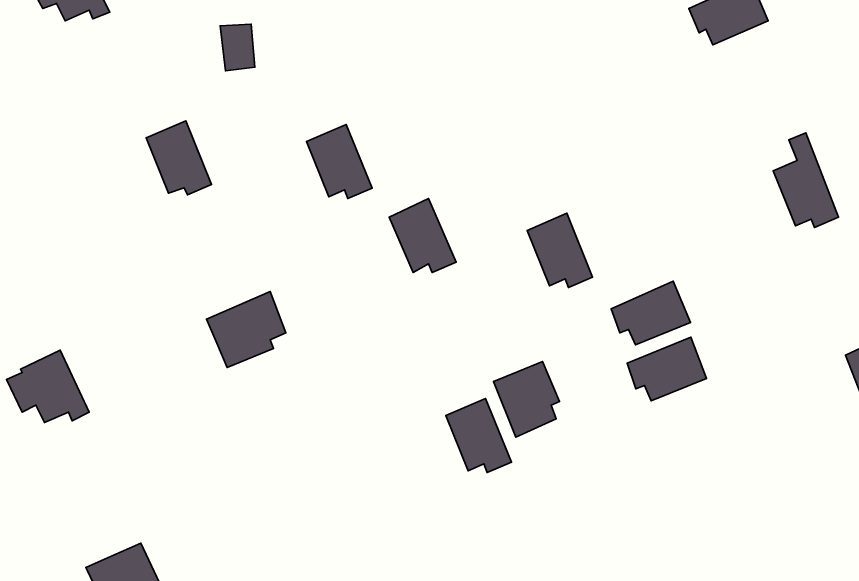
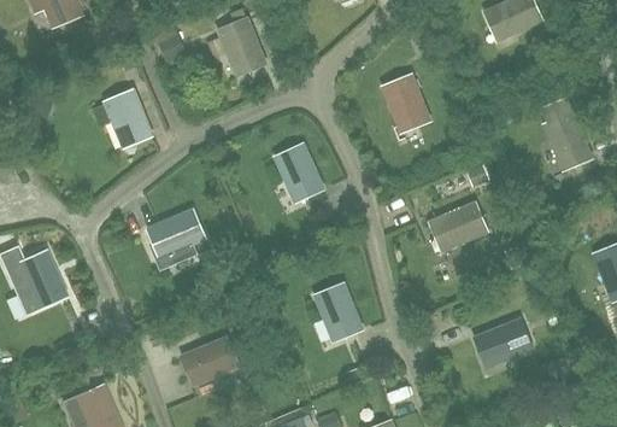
building: [307,124,372,199] -> [219,19,265,71]
building: [527,213,593,287] -> [383,76,429,128]
building: [627,337,706,401] -> [476,320,531,364]
building: [494,362,560,437] -> none
building: none -> [182,338,239,382]

